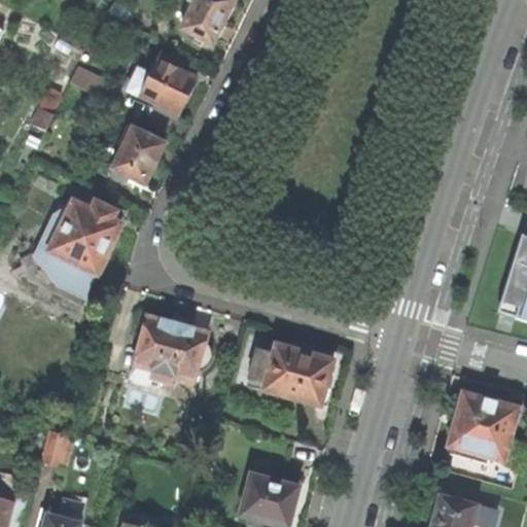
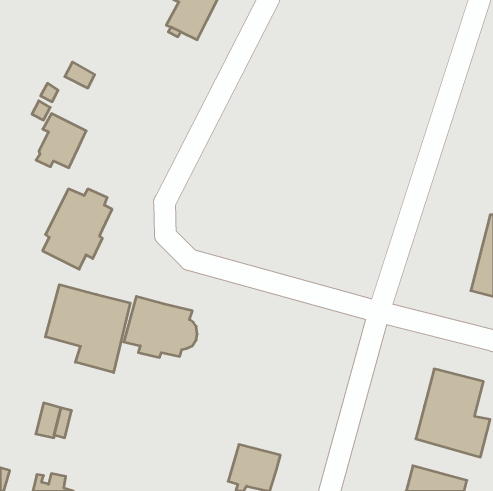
building: [128,50,195,111] -> none
building: [110,122,164,180] -> [36,114,86,168]
building: none -> [45,285,130,373]
building: [249,343,331,403] -> none

